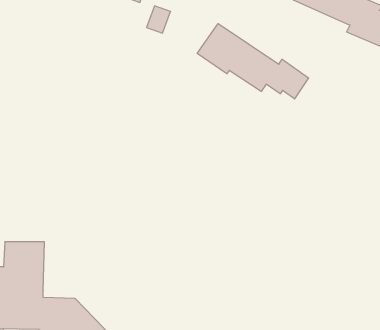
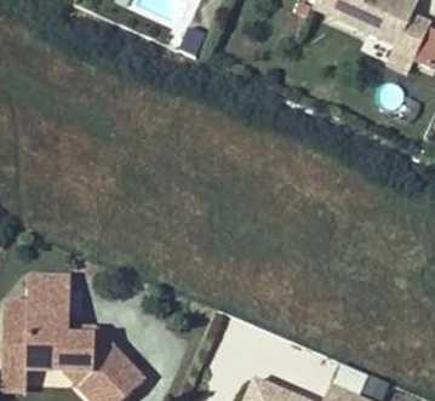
building: [197,24,309,99] -> none

